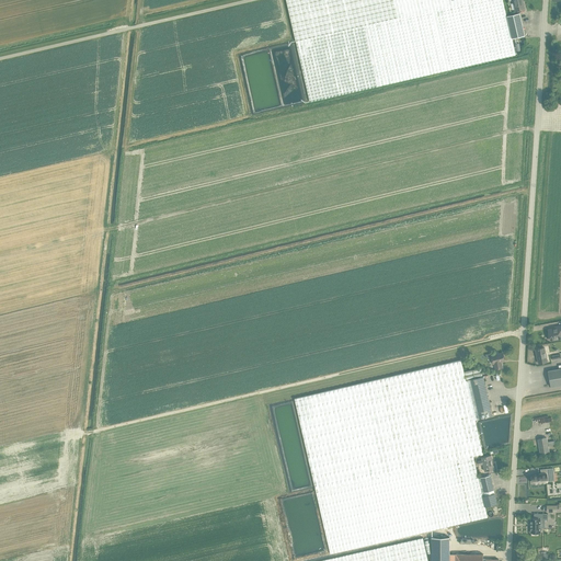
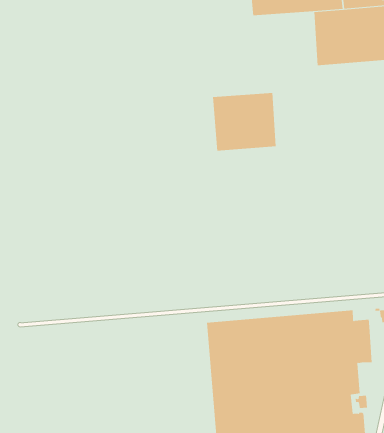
building: [295,25,377,102] -> [212,92,277,151]

